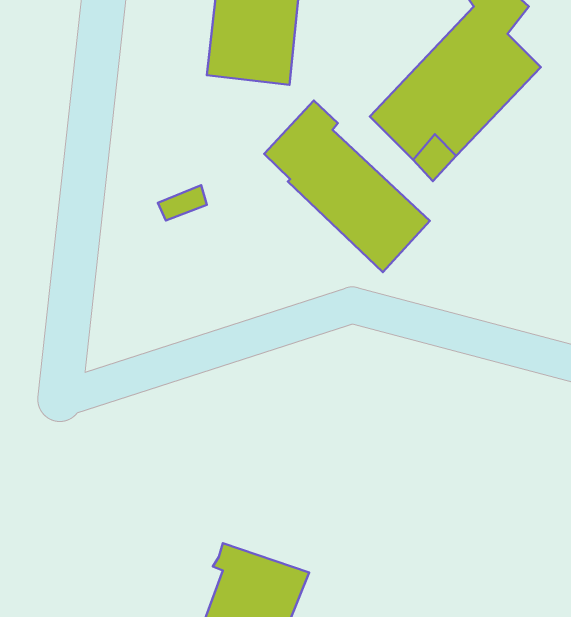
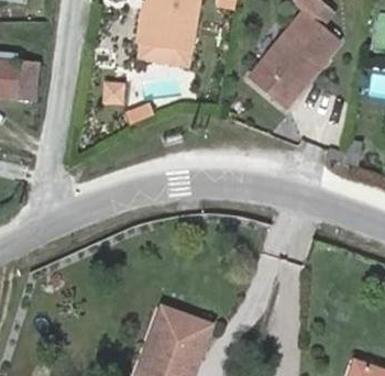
building: [264,100,430,272] -> none

